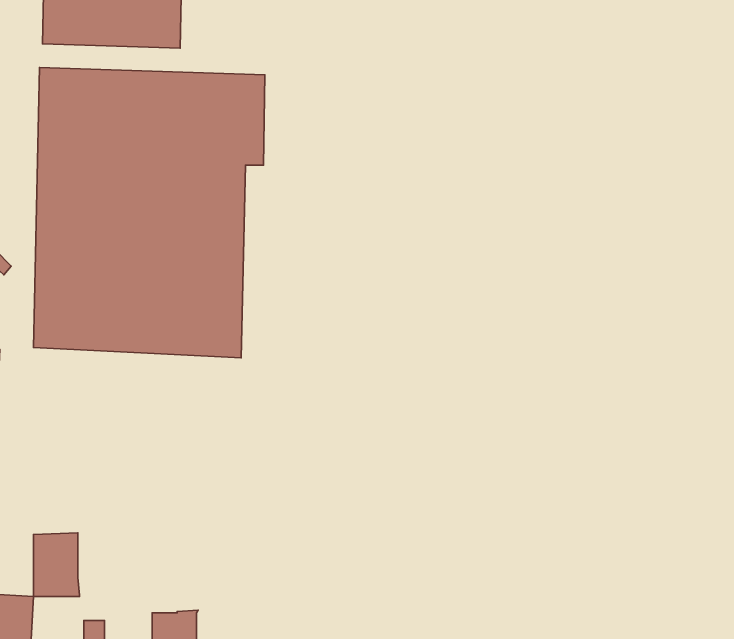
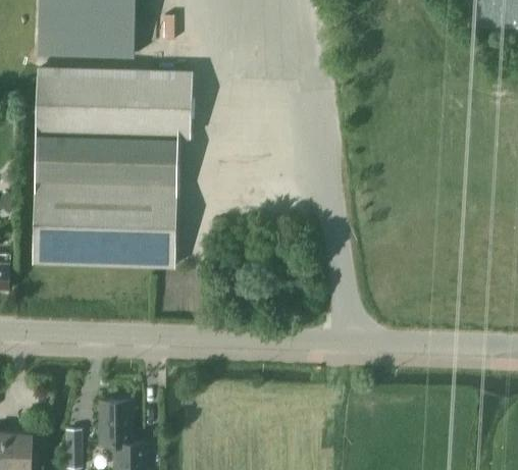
building: [33,533,79,597] -> [99,399,131,442]

